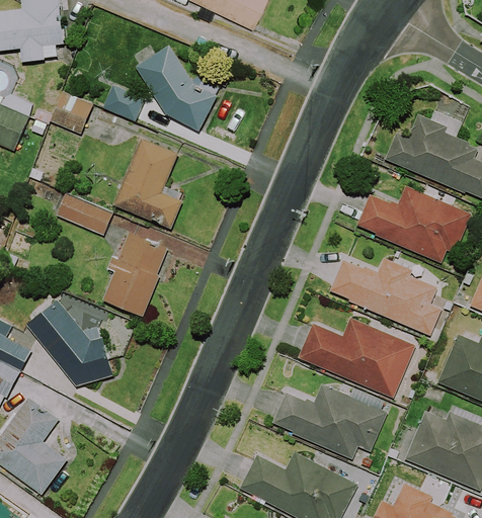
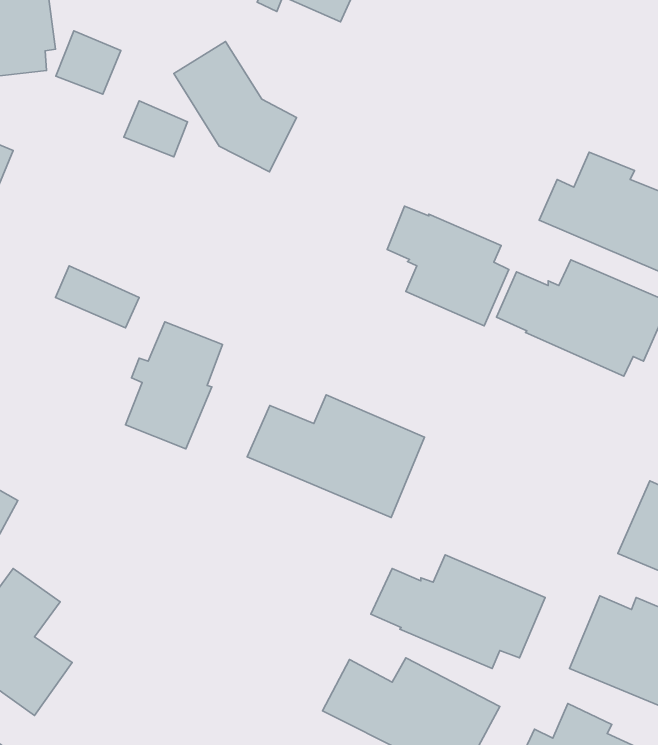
building: [53,89,96,132] -> [56,31,121,94]
building: [116,135,186,226] -> none
building: none -> [387,206,509,326]
building: [328,259,439,337] -> none
building: [29,296,117,383] -> none
building: [296,318,414,400] -> [247,395,425,517]

